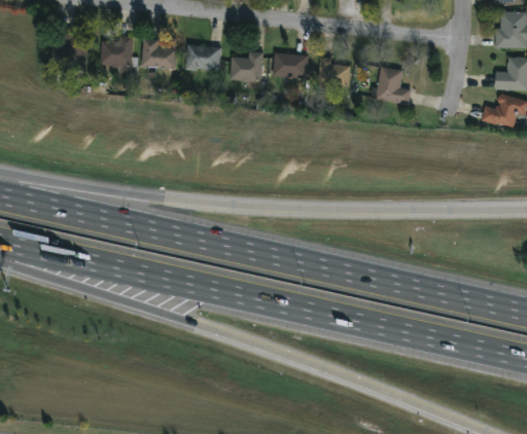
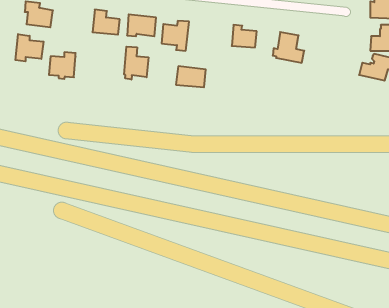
building: [99,35,133,69] -> [49,52,76,79]
building: [271,51,309,78] -> [176,66,206,87]
building: none -> [15,34,44,61]
building: none -> [124,47,148,80]

